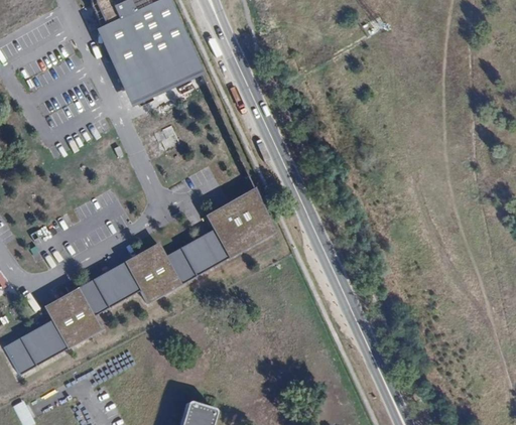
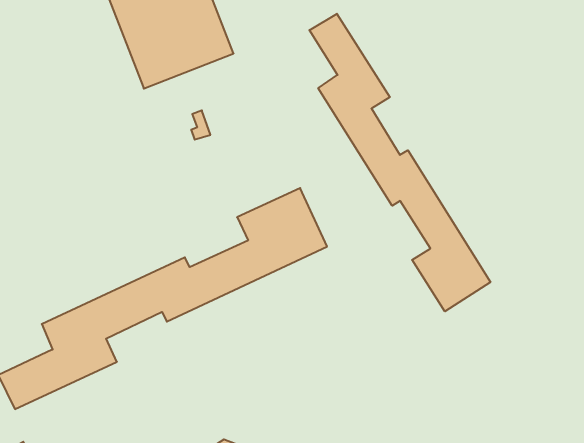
building: none -> [309,14,490,311]

